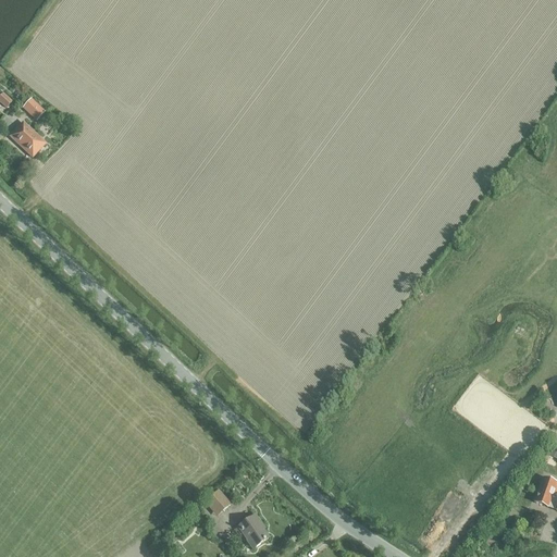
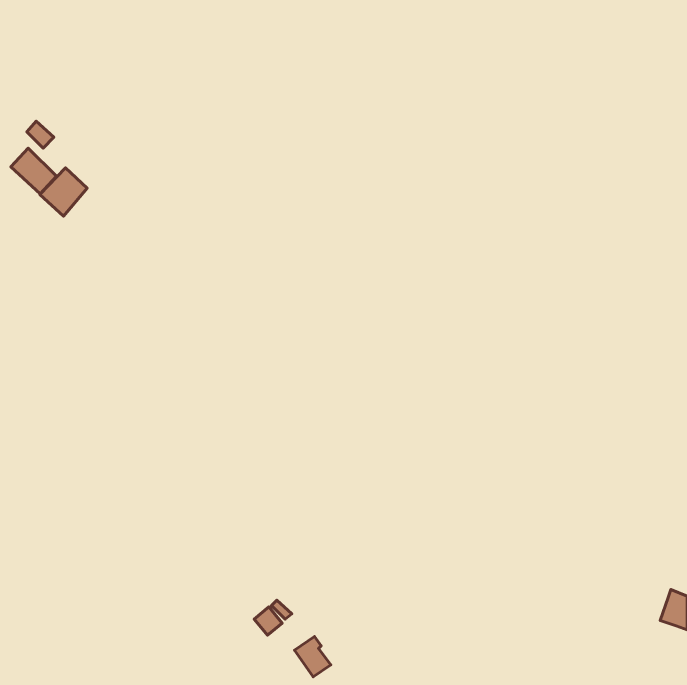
building: none -> [40,168,87,216]

